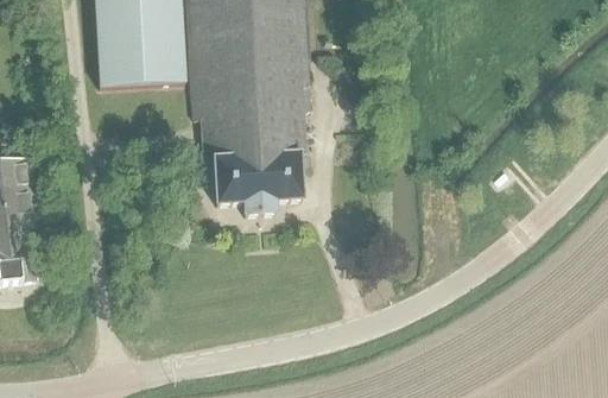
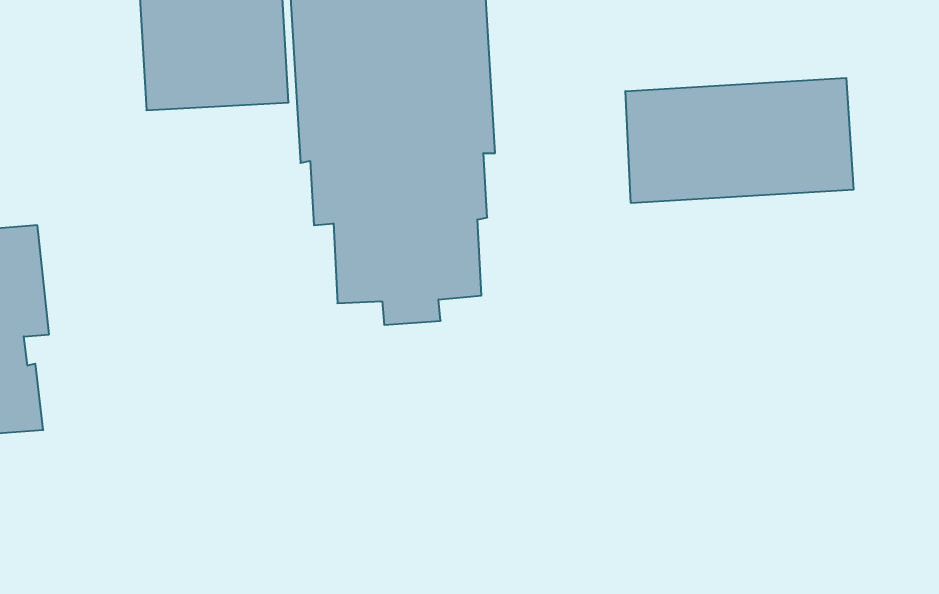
building: none -> [625,78,853,203]

